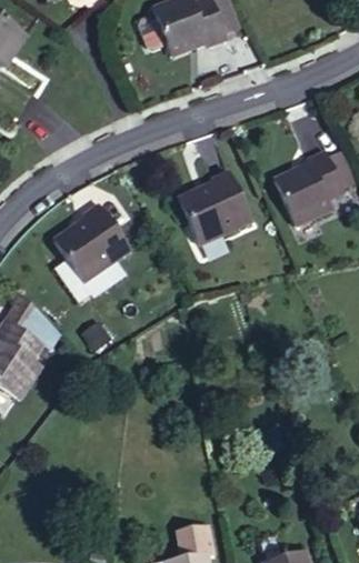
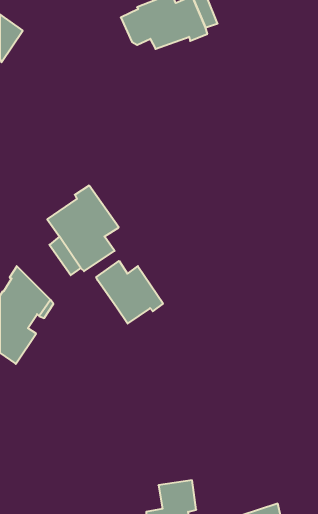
building: [273,151,343,224] -> none
building: [177,169,251,244] -> none
building: none -> [96,261,163,324]

